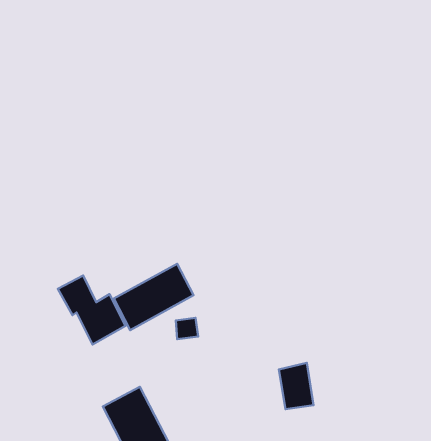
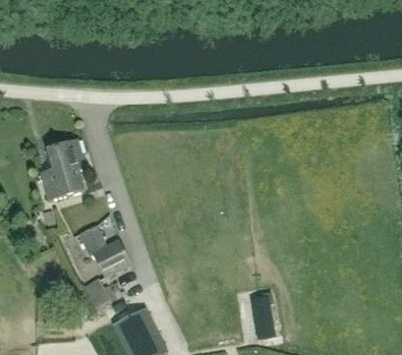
building: none -> [41,138,84,199]
building: [114,264,194,330] -> none

